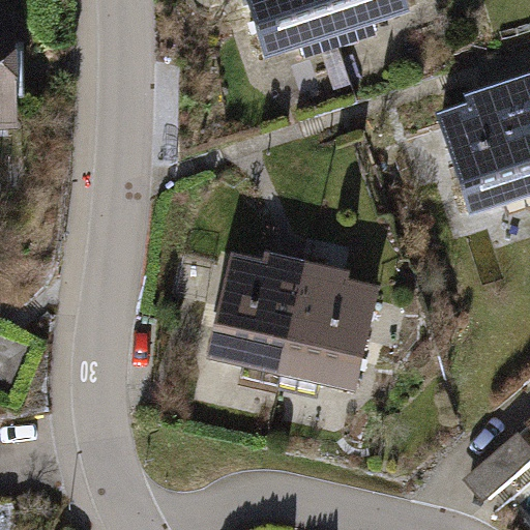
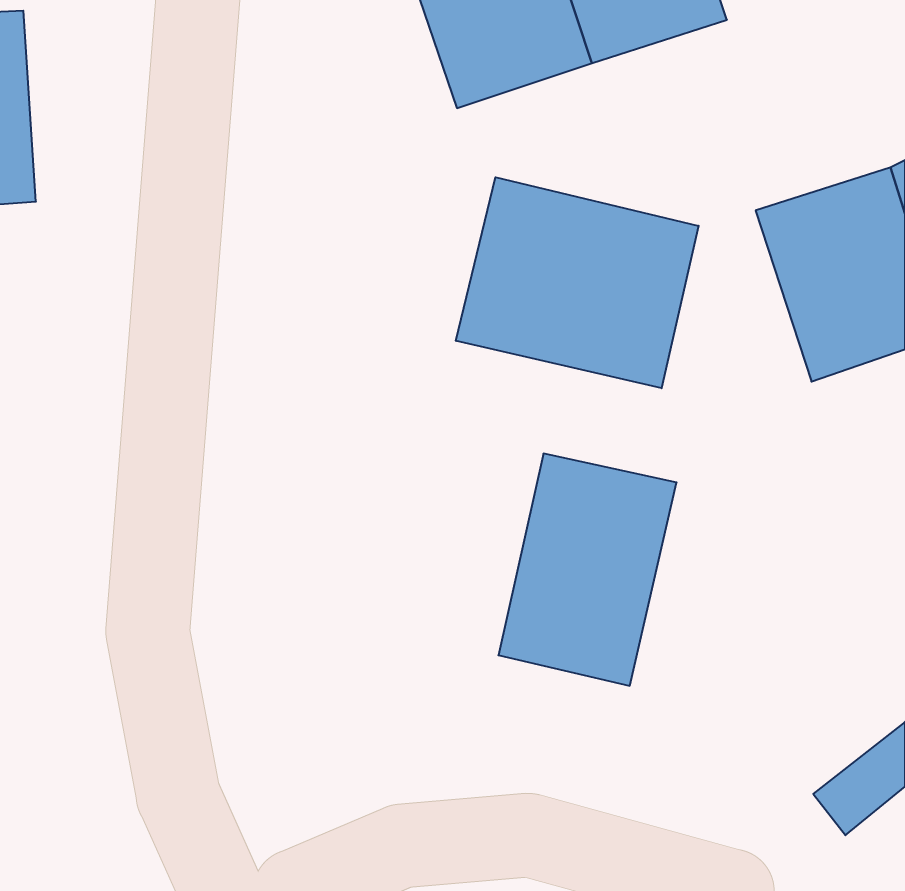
building: none -> [456,177,699,388]
building: [207,242,313,377] -> none

